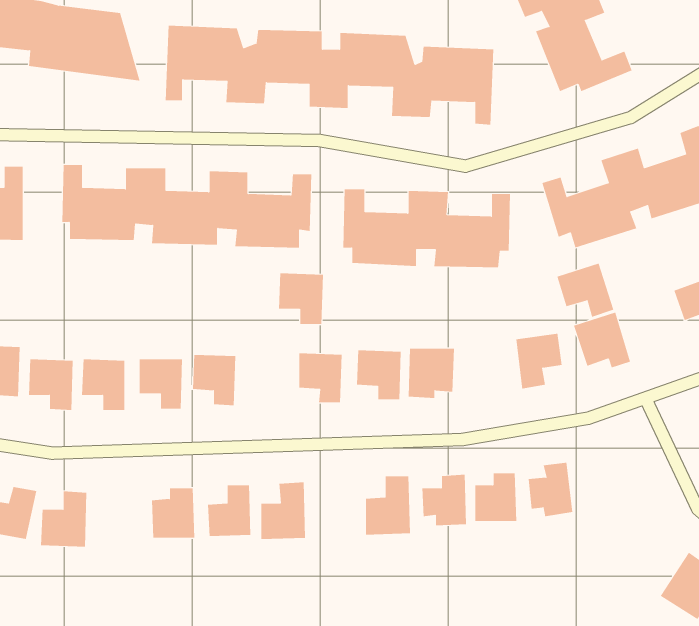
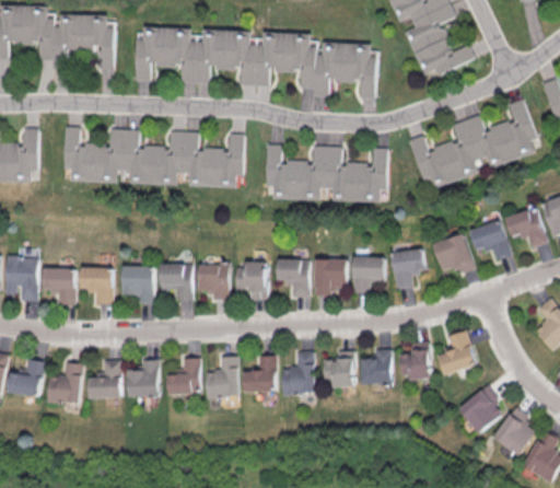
building: [557,263,614,317] -> [469,220,511,259]
building: [278,273,324,324] -> [195,263,228,300]
building: none -> [351,256,384,293]
building: none -> [439,330,477,375]
building: none -> [244,356,277,392]
building: none -> [89,360,121,397]
building: none -> [459,385,503,433]

